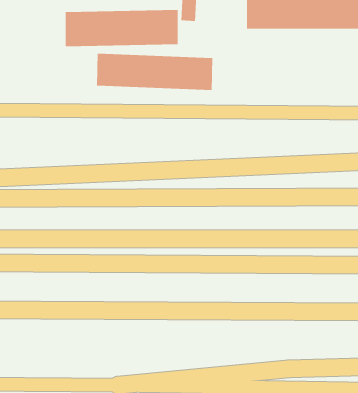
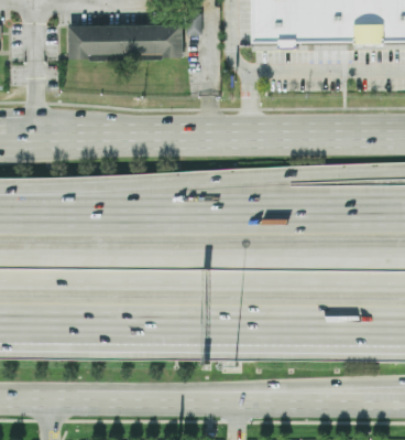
building: [96,53,213,91] -> none

